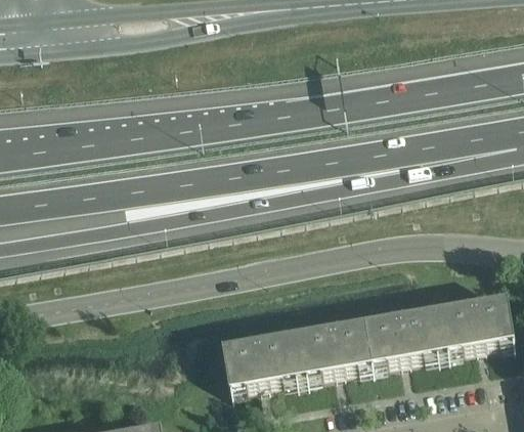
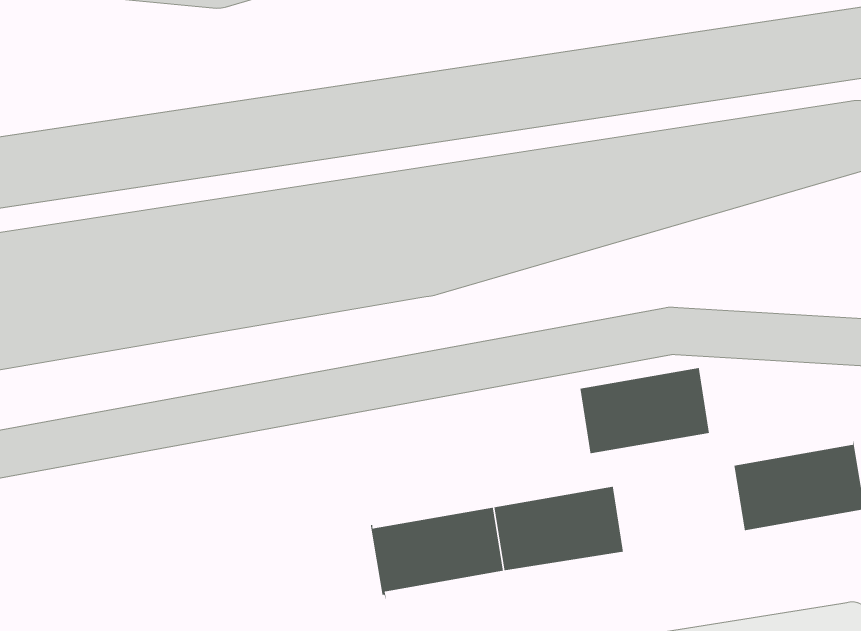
building: [362,311,439,362] -> [579,367,710,454]

